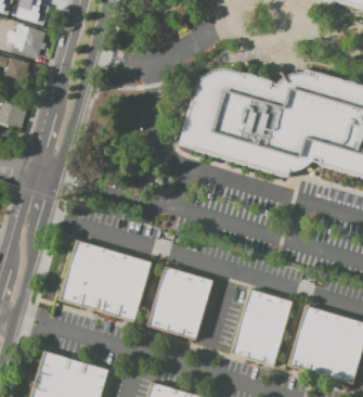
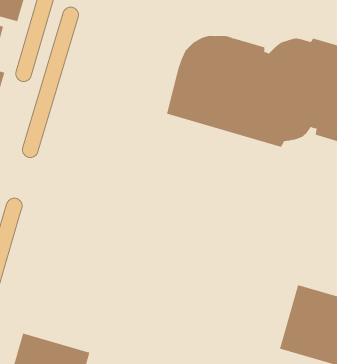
building: [57,240,150,322] -> none
building: [146,266,211,341] -> none
building: [229,289,290,368] -> none

